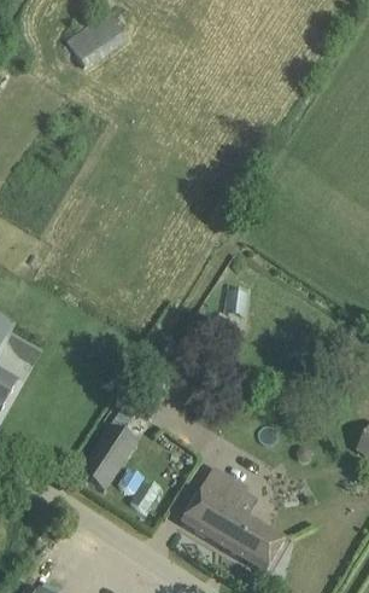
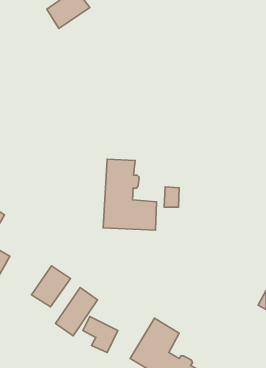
building: none -> [103,159,157,230]
building: none -> [32,266,71,307]

